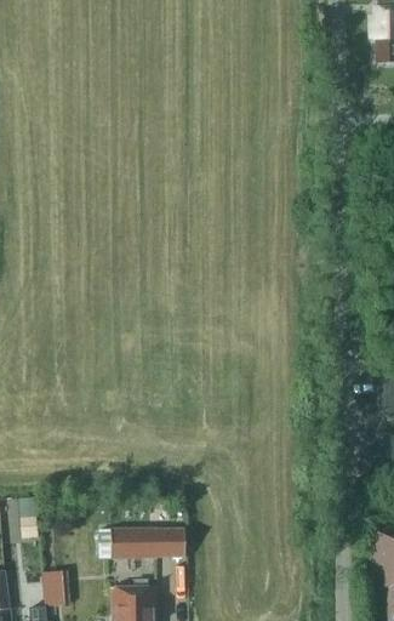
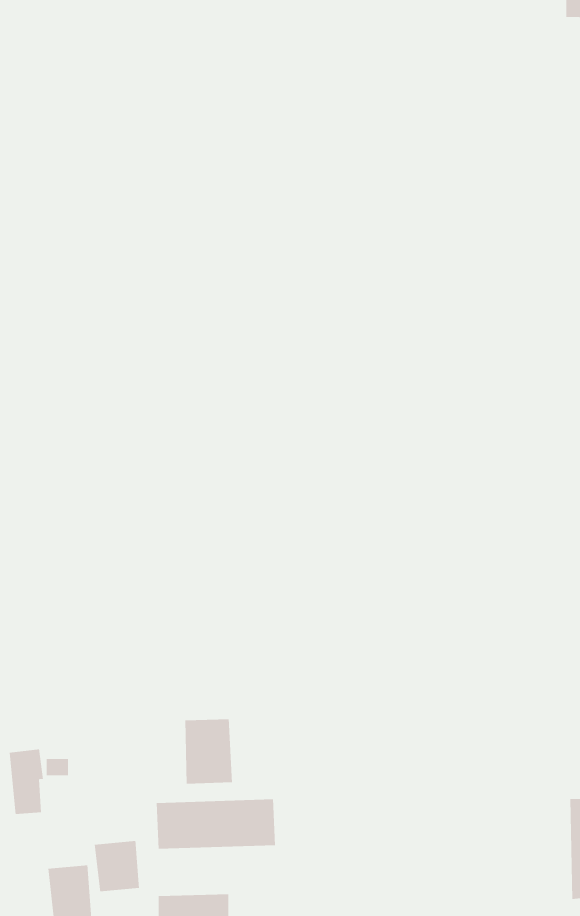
building: none -> [185,718,233,784]
building: none -> [94,840,140,892]

